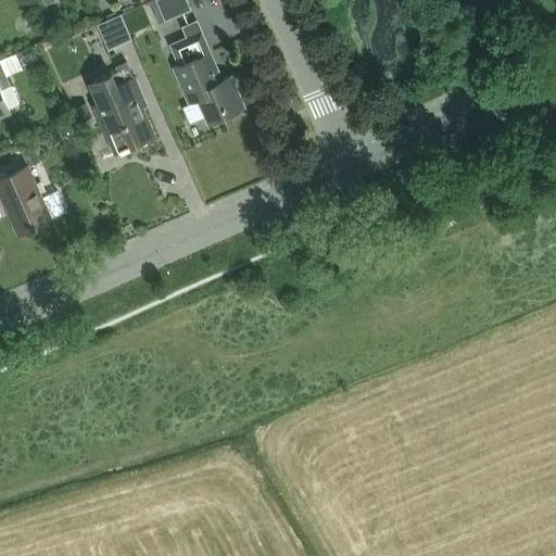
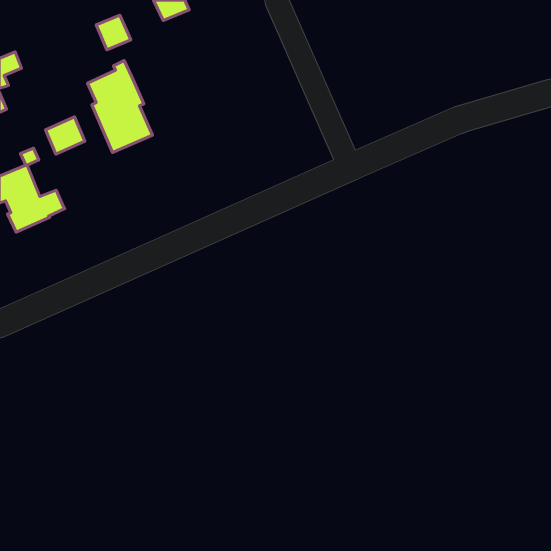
building: [169,23,242,124] -> none
building: none -> [45,117,85,154]

